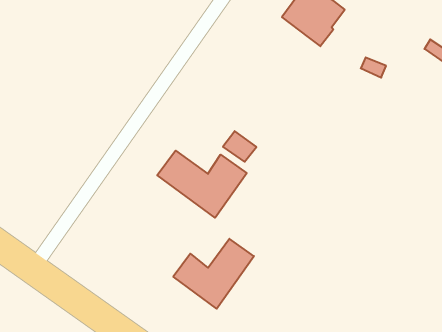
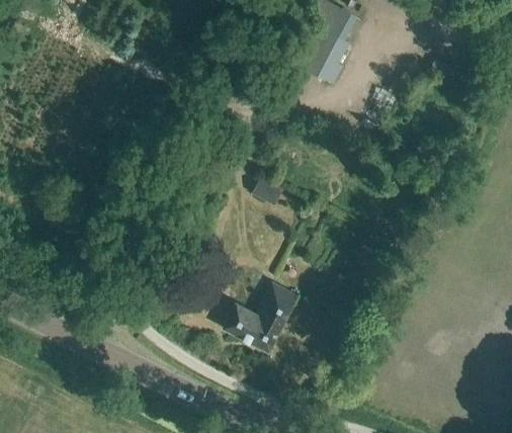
building: [157,151,247,218] -> none

